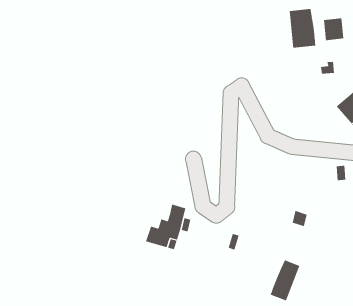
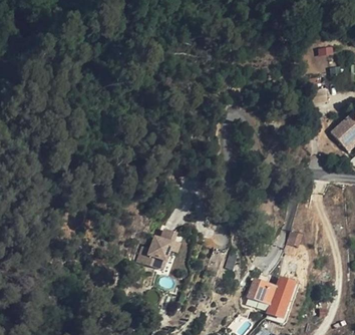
building: [289,8,316,49] -> none
building: none -> [248,278,276,303]

